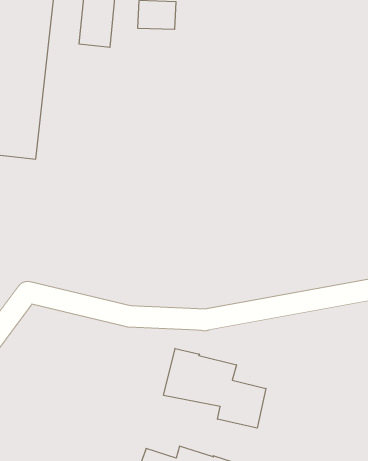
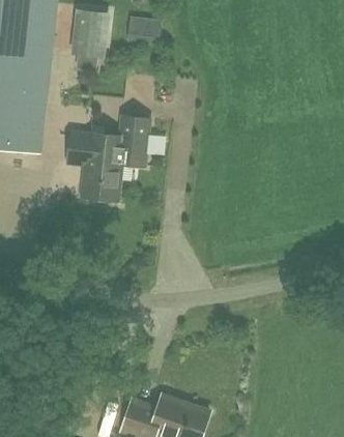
building: none -> [67,118,149,202]
building: [164,348,266,428] -> none

